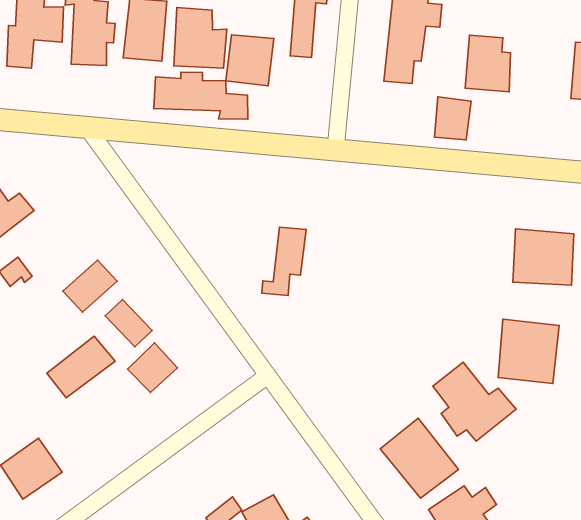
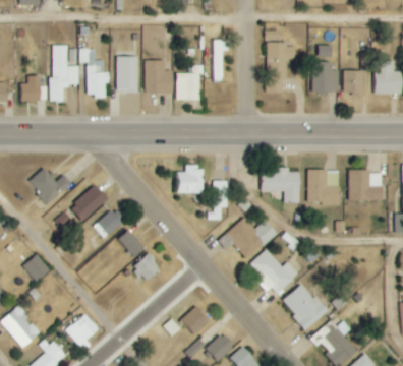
building: [154,72,248,119] -> none
building: [434,97,471,140] -> [343,70,362,94]
building: none -> [177,166,204,193]
building: none -> [262,168,299,203]
building: none -> [225,218,277,259]
building: [498,319,559,384] -> [307,170,340,204]
building: [47,336,115,398] -> [69,184,108,221]
building: [433,362,516,441] -> [249,249,298,294]
building: none -> [181,305,210,334]

